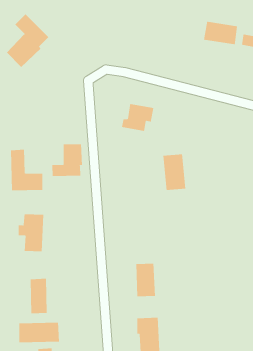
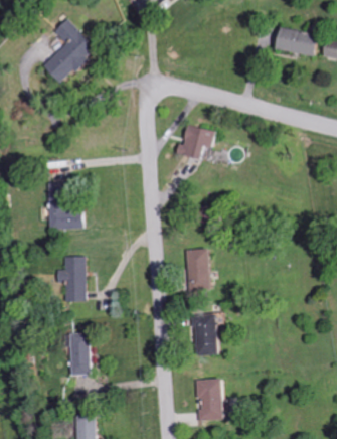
building: [52,143,83,177] -> none
building: [162,154,186,190] -> [185,249,213,292]
building: [19,322,60,343] -> none

